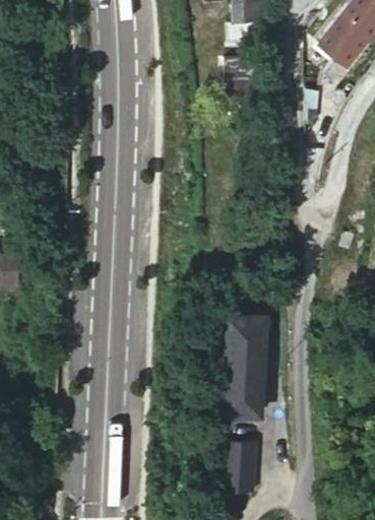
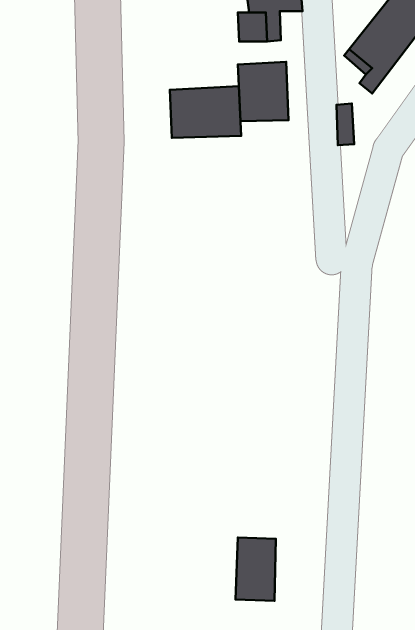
building: none -> [170,86,241,138]
building: [222,317,265,418] -> none

